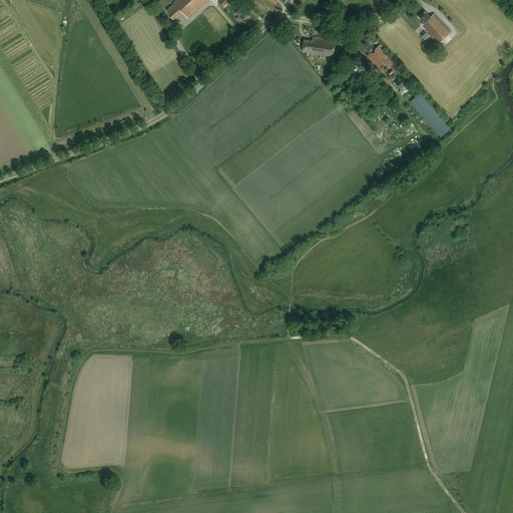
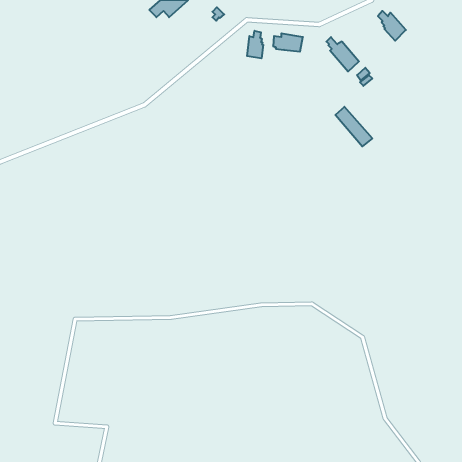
building: none -> [247,31,263,58]
building: [410,93,451,137] -> [335,107,372,146]

